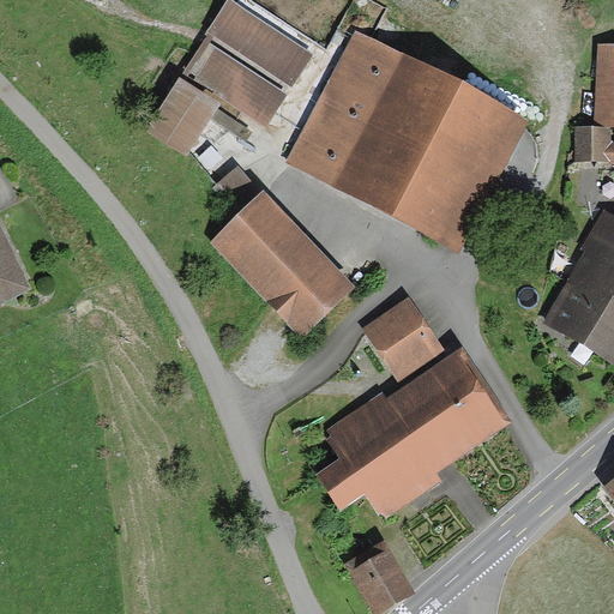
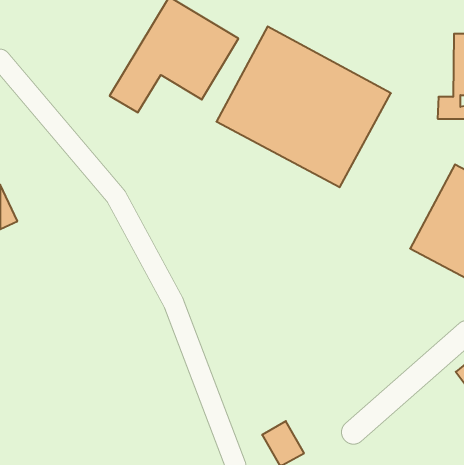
building: [216,162,356,336] -> none
building: [365,303,435,377] -> none
building: [313,349,504,506] -> none

